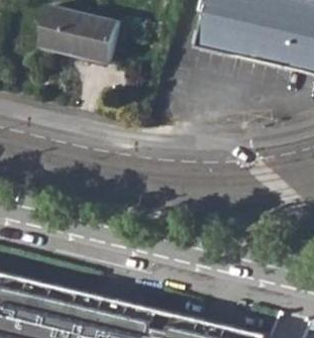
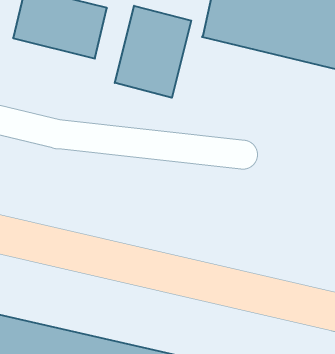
building: none -> [115,6,191,98]

